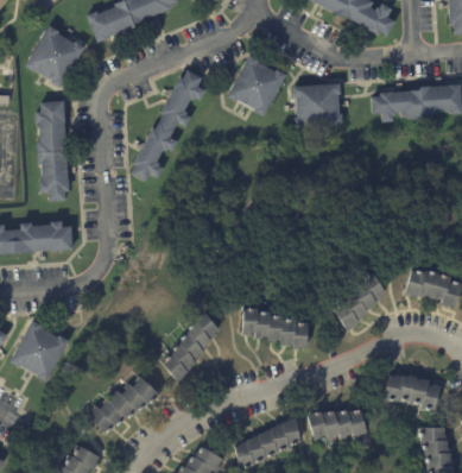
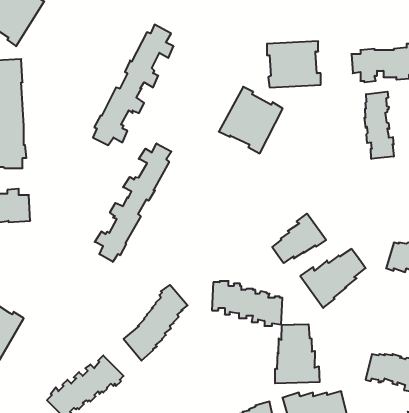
building: [227,55,286,116] -> [219,87,283,153]
building: none -> [365,92,394,159]
building: none -> [95,143,171,262]
building: none -> [272,214,326,263]
building: none -> [275,324,320,383]

